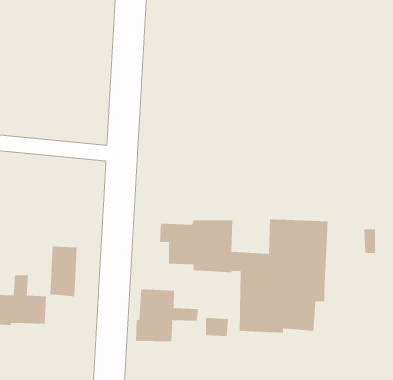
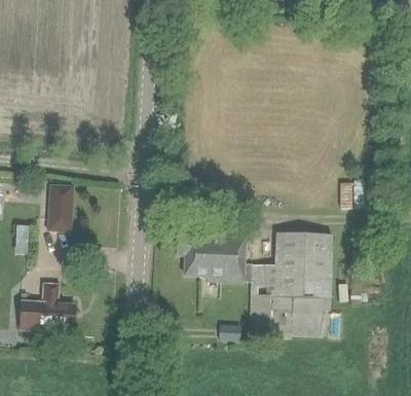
building: [49,246,78,297] -> [47,186,73,232]
building: [135,289,199,342] -> none

